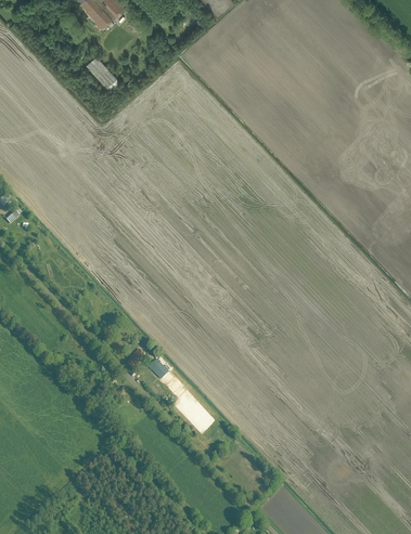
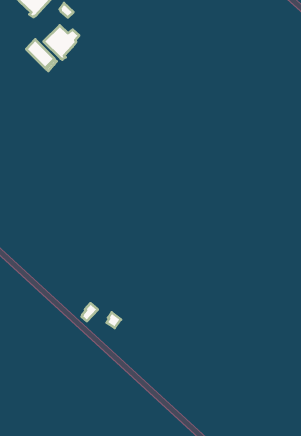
building: none -> [44,25,79,60]

